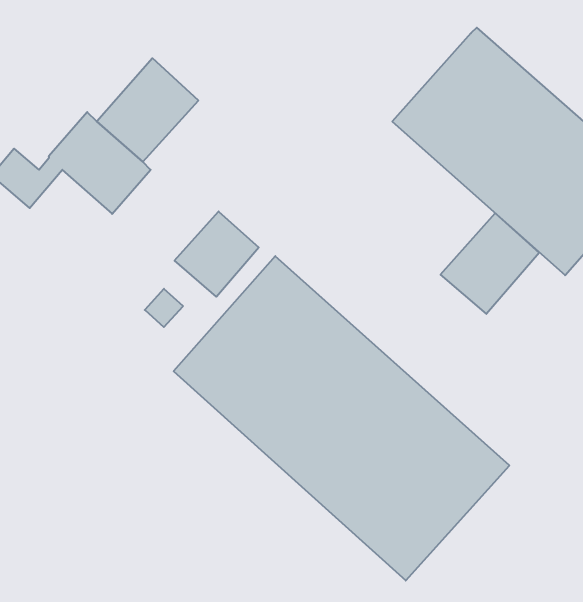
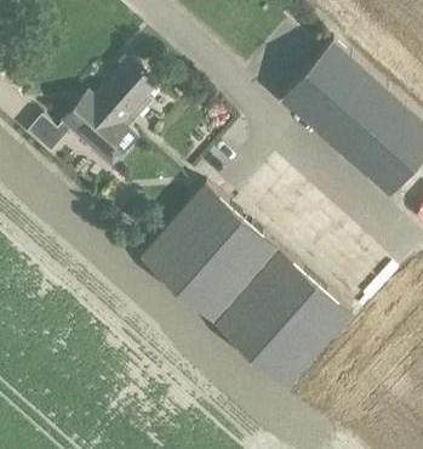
building: [175,211,259,297] -> none
building: [441,213,539,314] -> none

